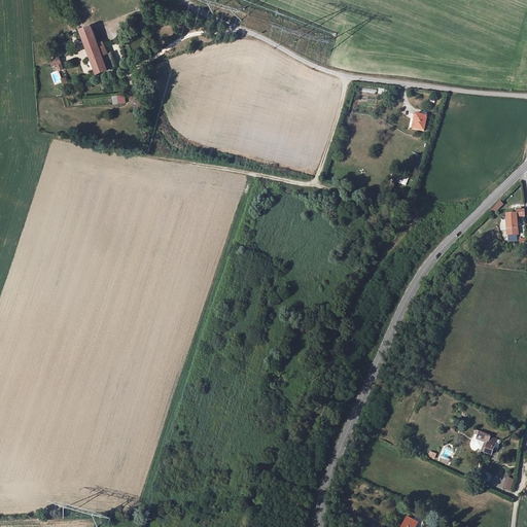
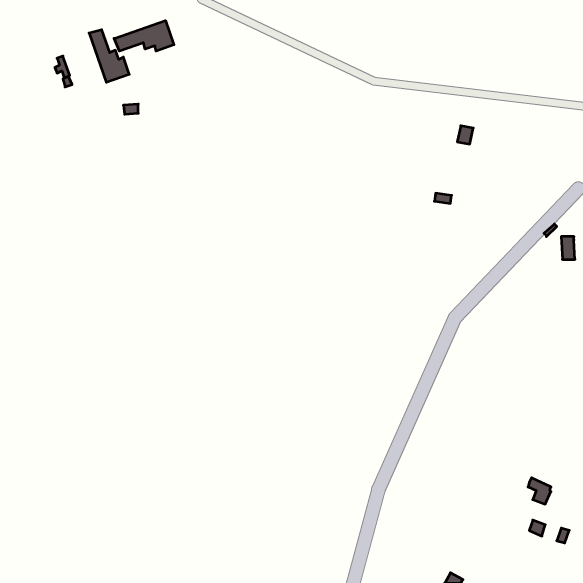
building: none -> [114,21,174,51]

